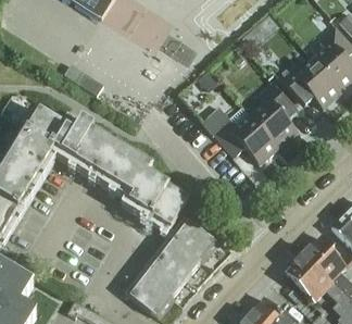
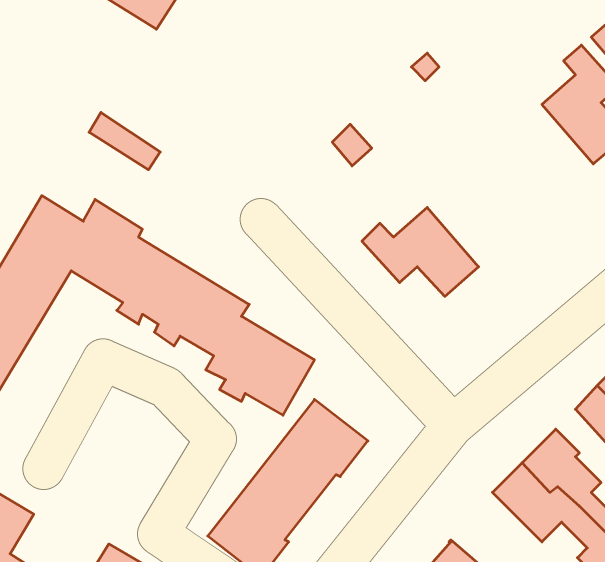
building: [277,58,341,108] -> none
building: [250,82,298,147] -> none

